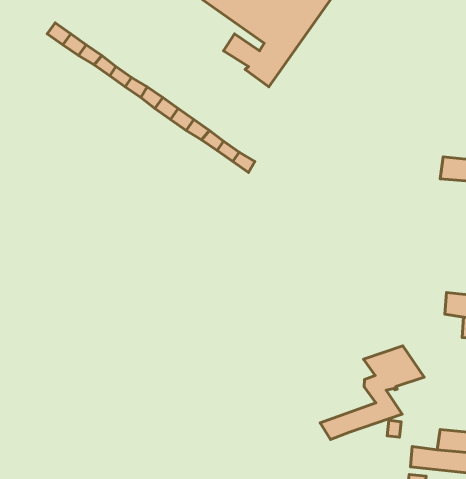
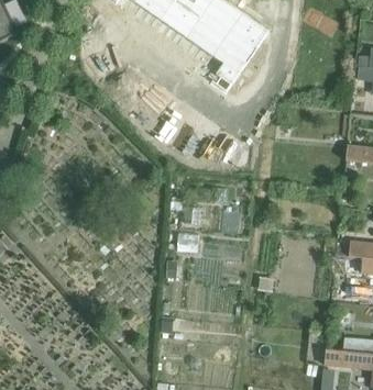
building: [320,346,424,439] -> none

